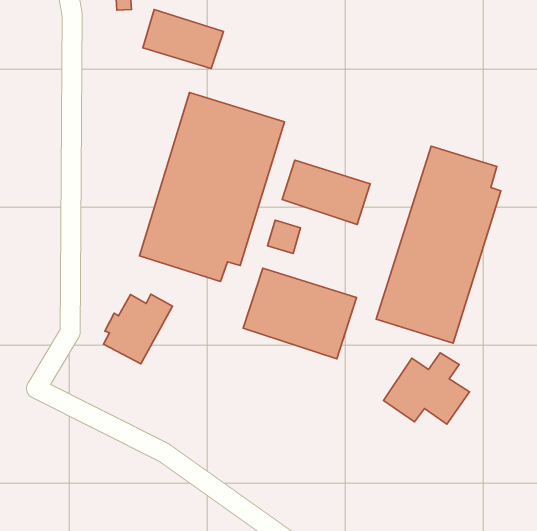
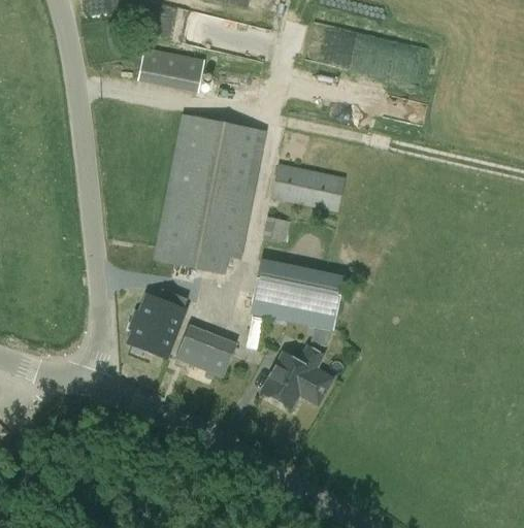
building: [376,146,501,343] -> none
building: none -> [175,324,236,376]
building: [383,353,469,424] -> [262,345,335,407]

